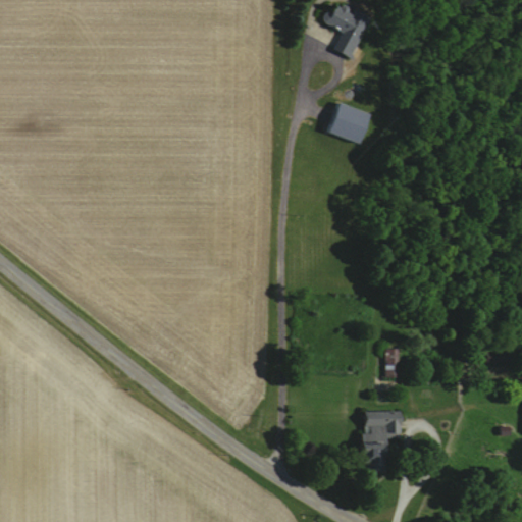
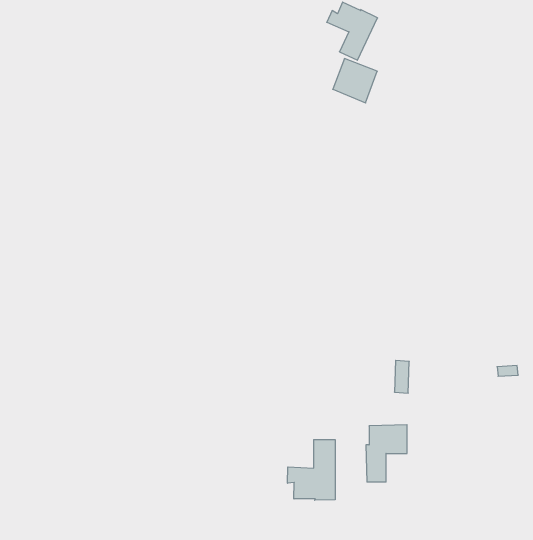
building: [327,101,370,144] -> [333,59,377,103]
building: none -> [288,440,335,500]

